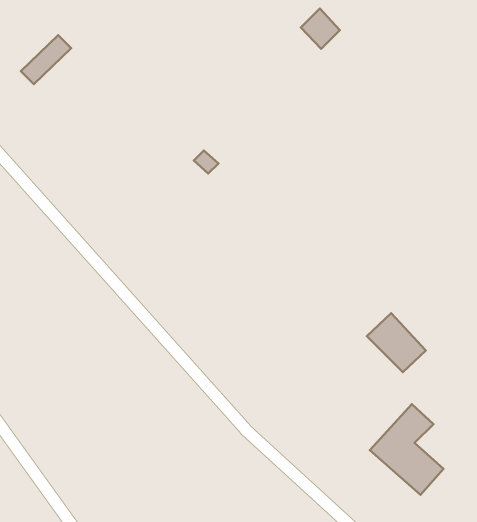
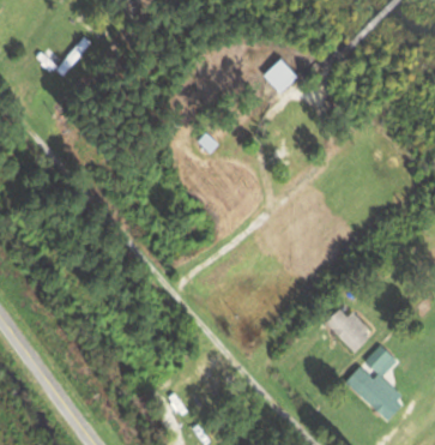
building: [301,9,340,49] -> [262,59,295,92]
building: [367,313,426,372] -> [324,303,373,353]

